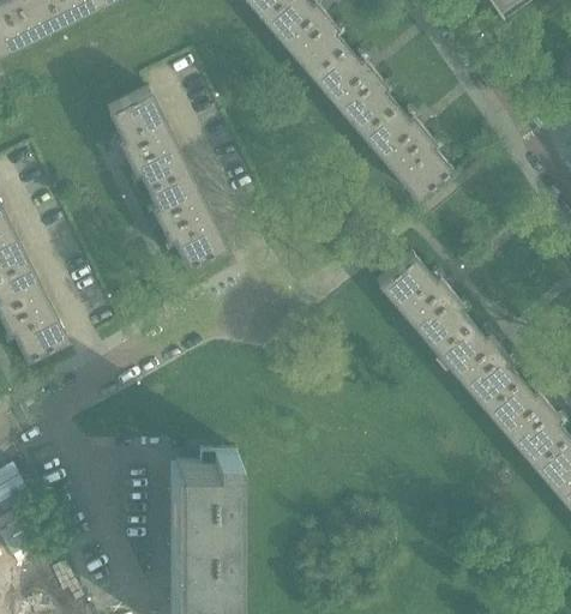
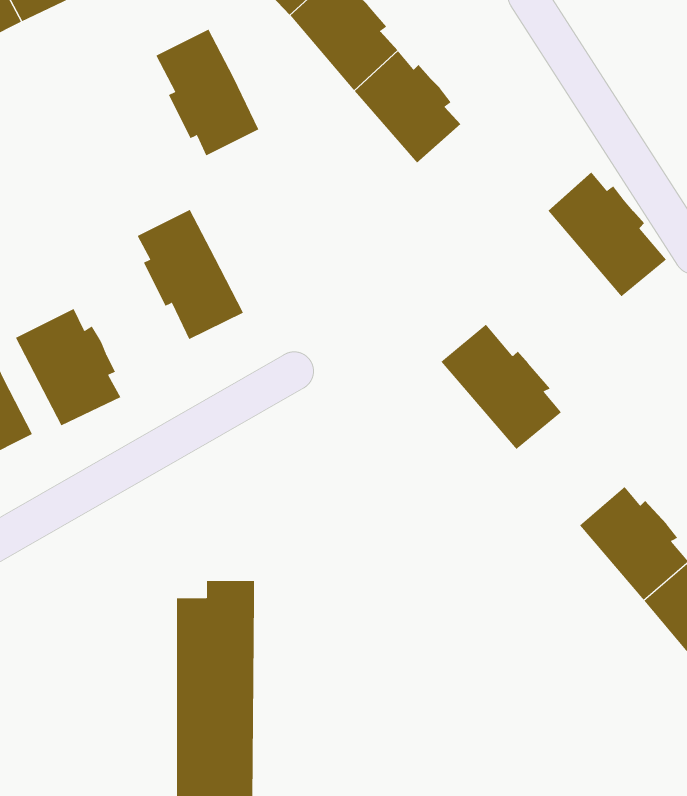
building: [107,89,186,186] -> [155,29,259,156]
building: [359,101,450,197] -> [547,171,667,297]
building: none -> [15,308,121,426]
building: [434,320,517,407] -> none

